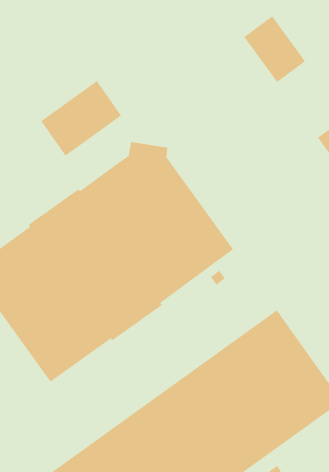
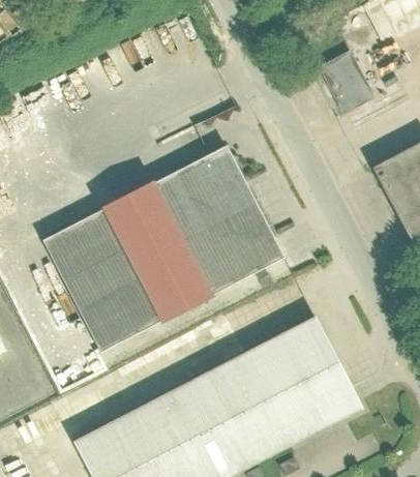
building: [40,80,122,156] -> none

